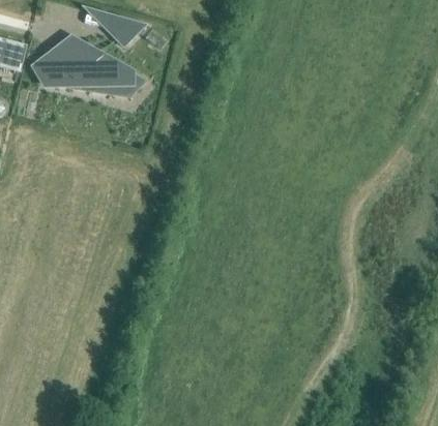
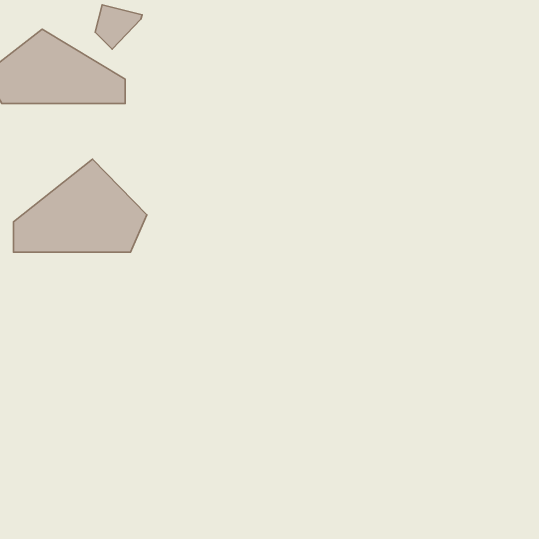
building: none -> [14,159,147,252]

